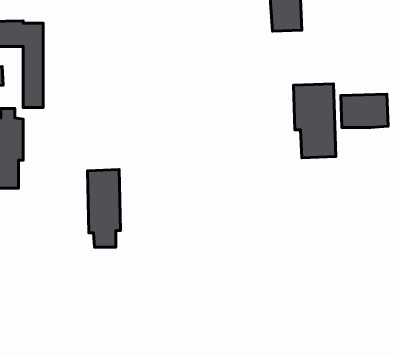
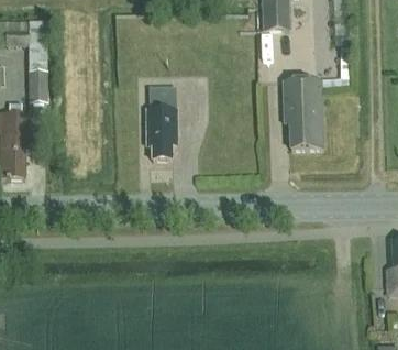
building: [341,94,388,128] -> none
building: [88,170,120,247] -> [146,86,177,158]

